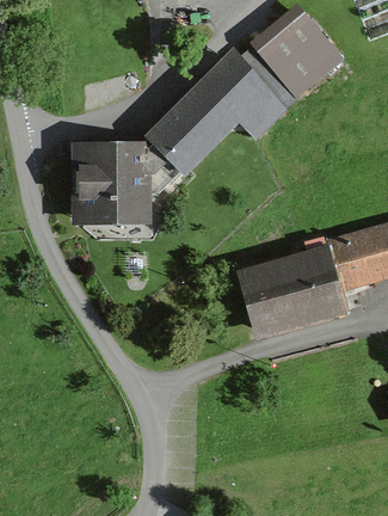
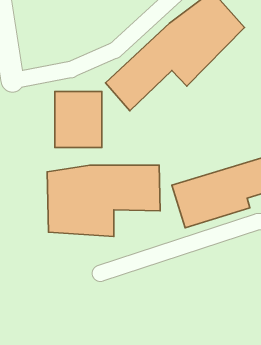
building: none -> [47,165,160,236]

